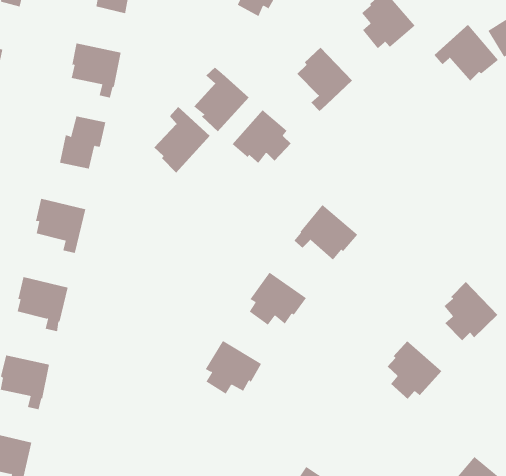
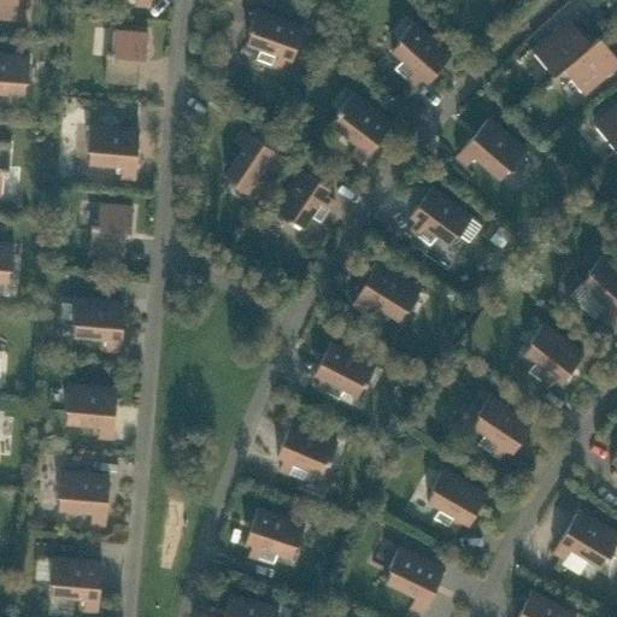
building: [433,24,499,81] -> [456,121,527,182]
building: [154,106,211,173] -> none
building: none -> [407,190,471,248]
building: none -> [427,471,486,534]
building: none -> [245,511,305,566]

